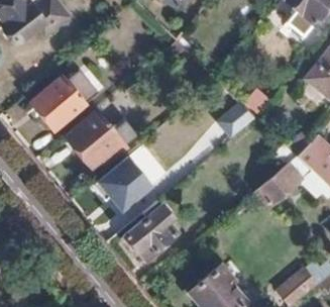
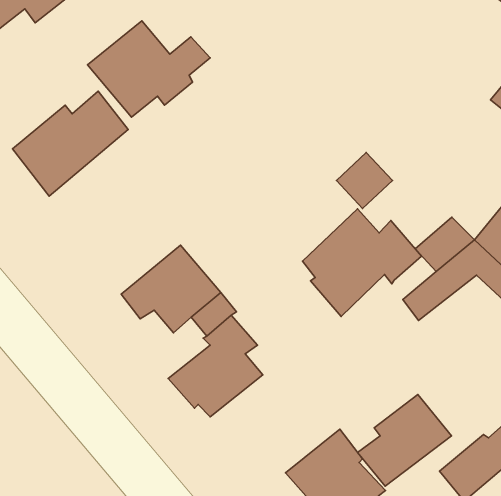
building: [66,113,136,169] -> [88,21,210,117]
building: none -> [303,209,421,316]
building: none -> [358,394,452,486]

